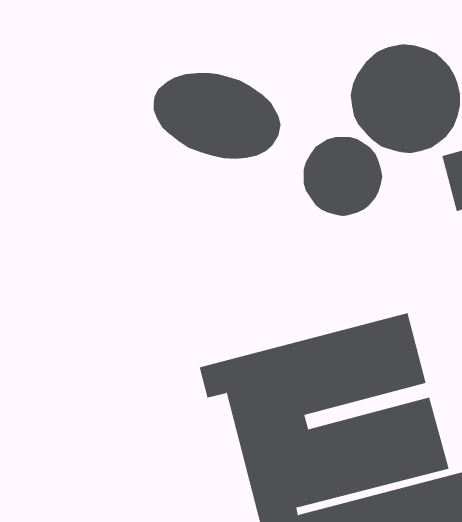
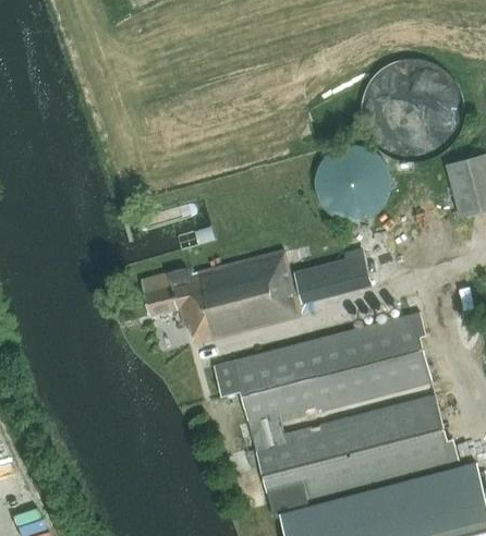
building: [153,72,281,160] -> none
building: none -> [142,252,372,345]

